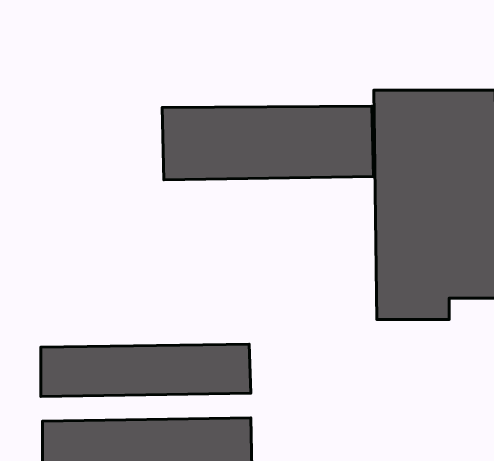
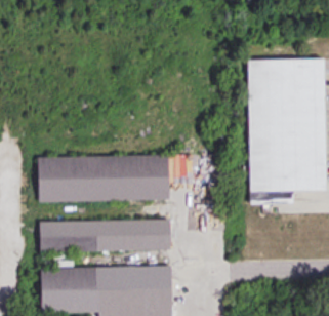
building: [162,106,374,180] -> [36,155,168,201]

